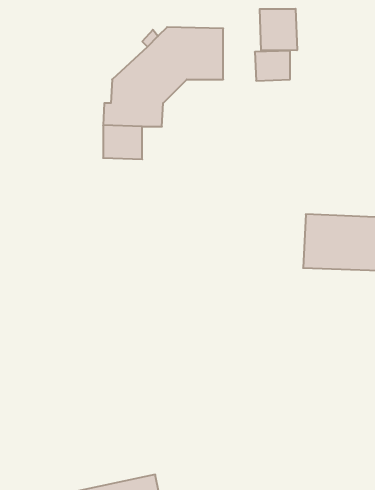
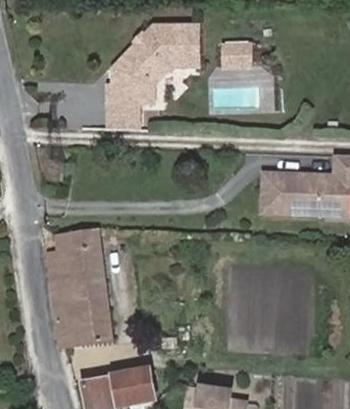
building: [260,9,297,50] -> none
building: none -> [49,228,109,343]

